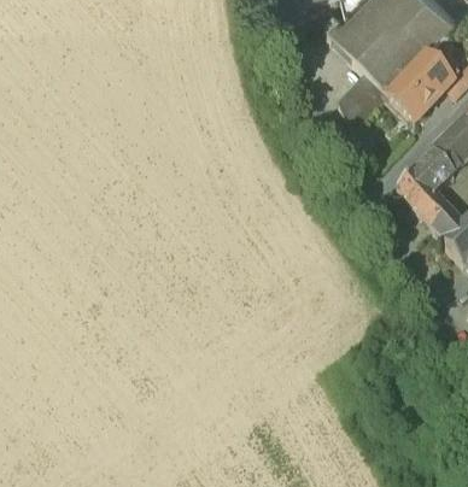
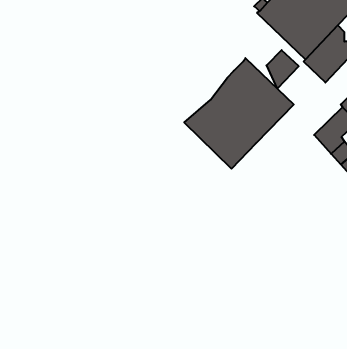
building: none -> [184,58,294,169]

